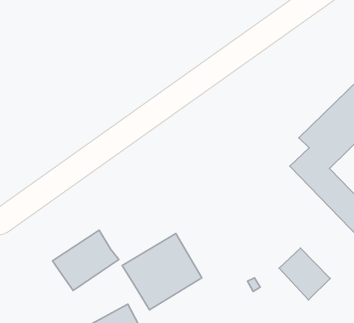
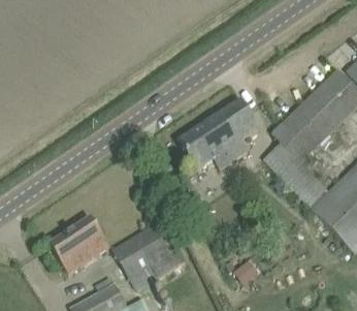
building: none -> [176,99,258,170]
building: [279,248,330,300] -> none

